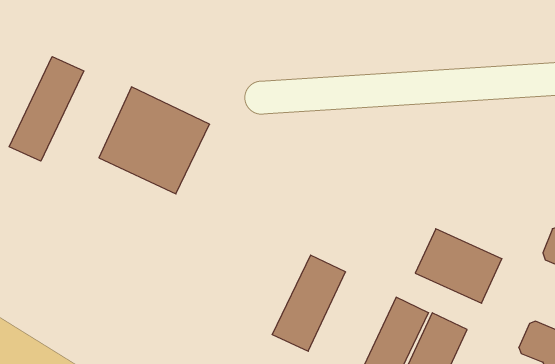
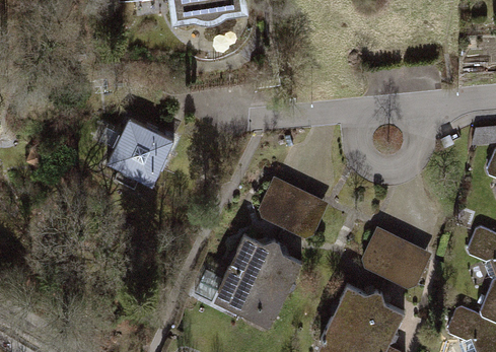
building: [9,57,84,161] -> none
building: none -> [257,178,329,240]
building: none -> [210,235,270,314]

